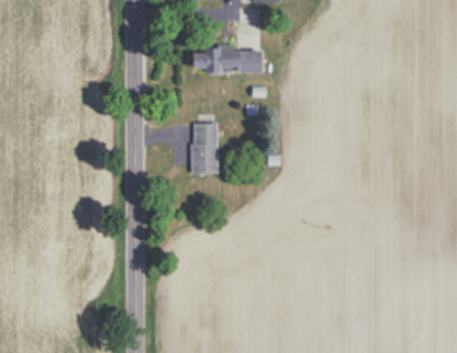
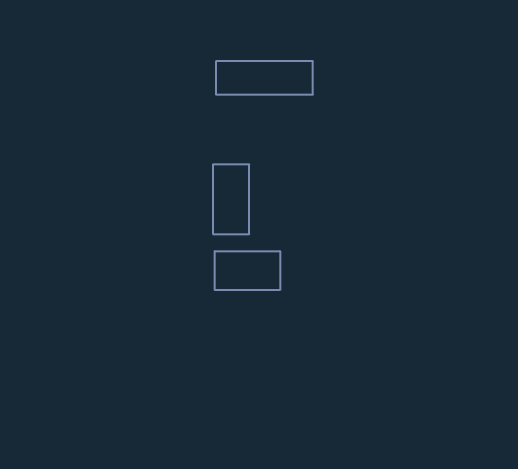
building: none -> [215,251,280,290]

